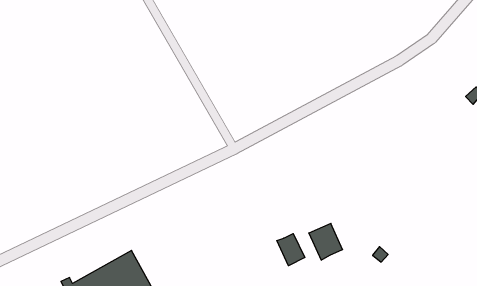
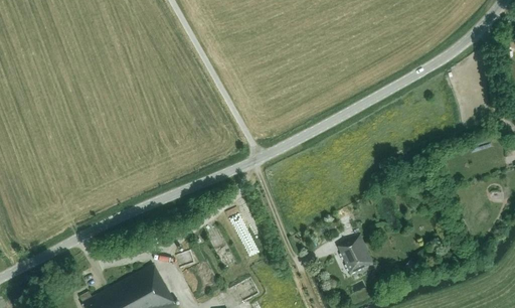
building: [277,234,305,266] -> none

